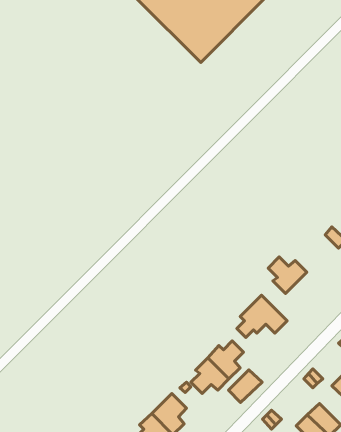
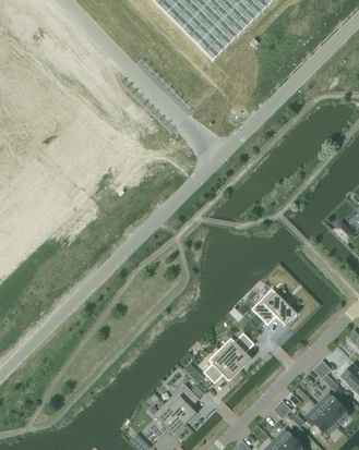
building: [268,257,307,293] -> none
building: [228,370,262,403] -> none

